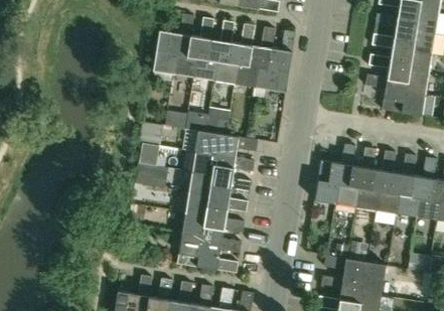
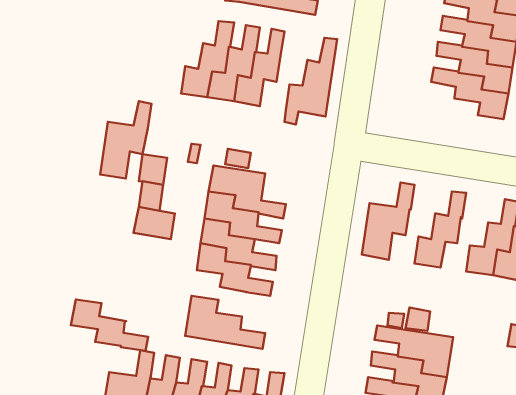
building: [153,13,193,73] -> [100,101,152,179]
building: [235,26,275,87] -> none
building: [365,73,425,115] -> none
building: [335,147,376,206] -> none
building: [376,153,416,212] -> none
building: [181,211,242,252] -> [71,299,148,351]

